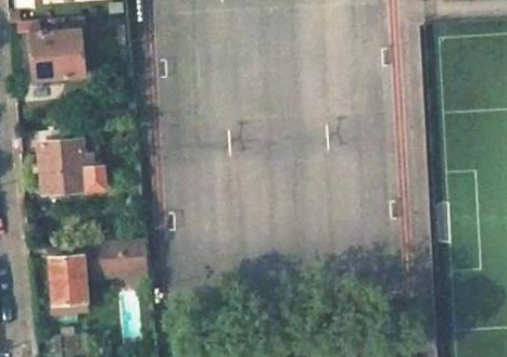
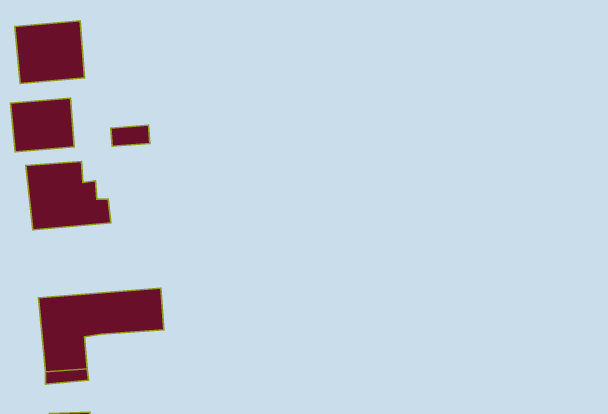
building: none -> [10,98,74,152]

